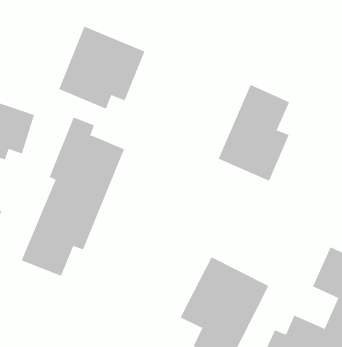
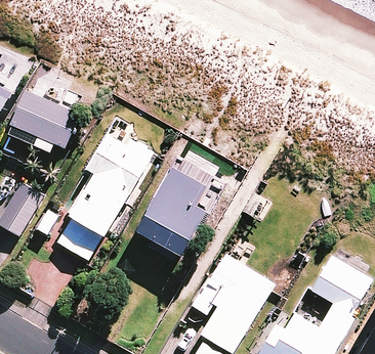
building: [59,26,145,109] -> none
building: [218,84,290,182] -> [138,168,207,256]

